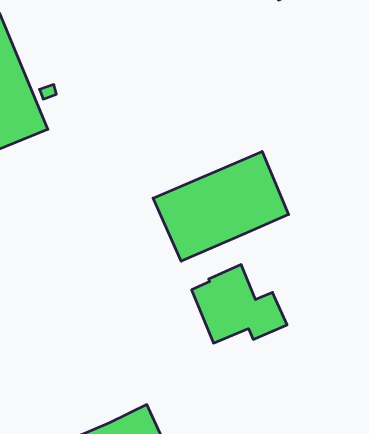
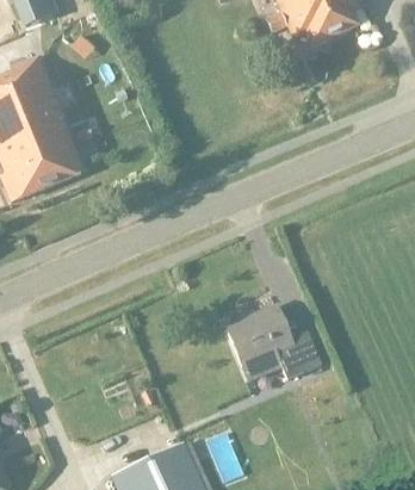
building: [153,151,289,261] -> none

